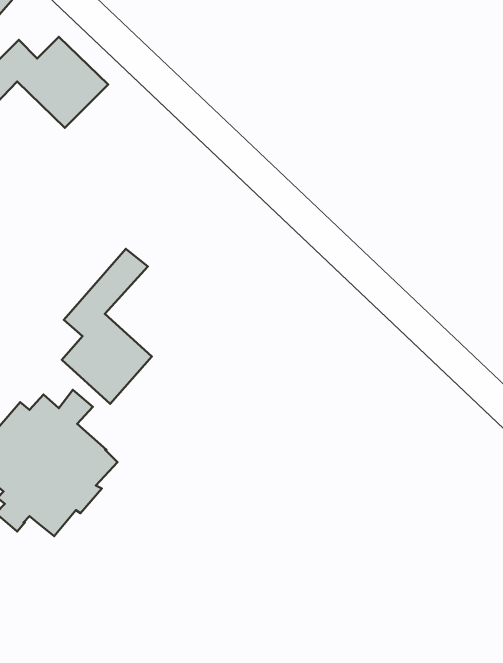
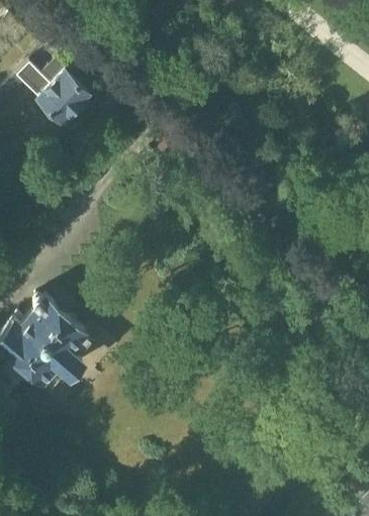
building: [62,249,152,404] -> none

